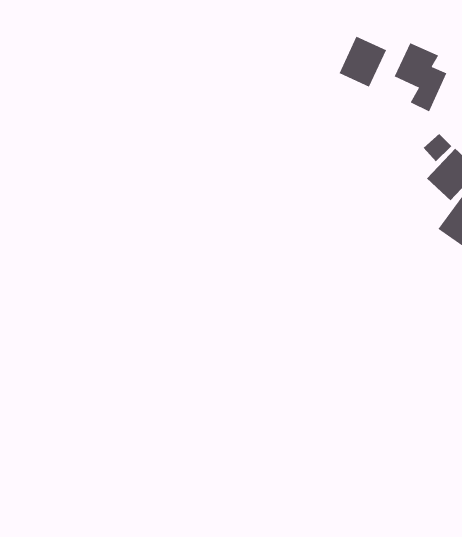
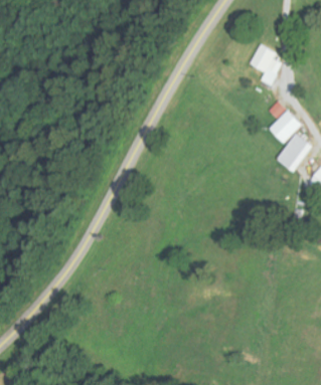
building: [339,36,387,87] -> none

